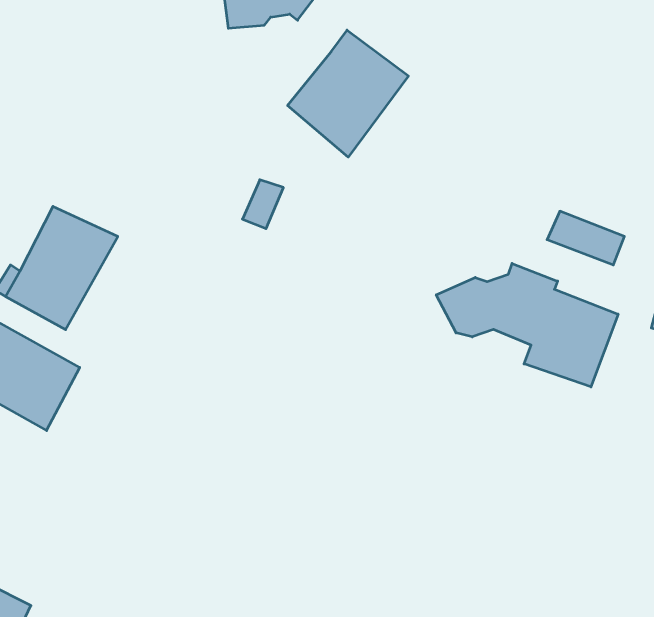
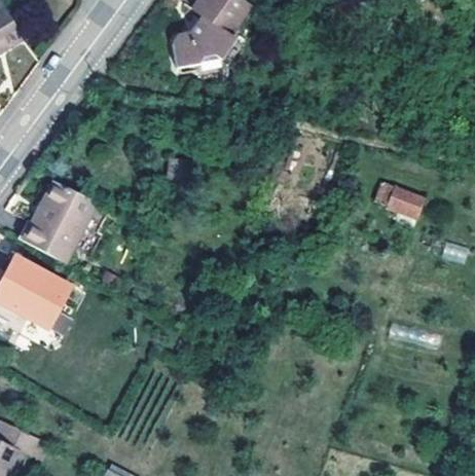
building: [288,30,408,157] -> none
building: [436,263,618,387] -> none

